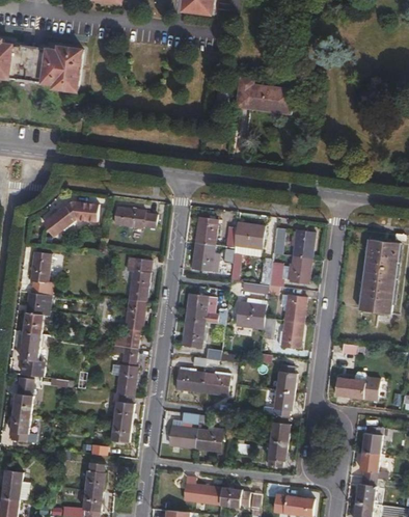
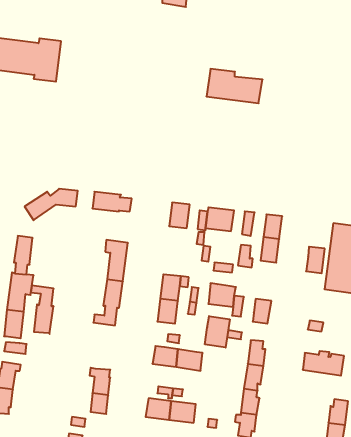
building: [192,243,214,270] -> none
building: [287,294,306,322] -> [306,247,325,273]
building: none -> [205,316,230,348]
building: [114,345,138,396] -> [31,286,54,334]

